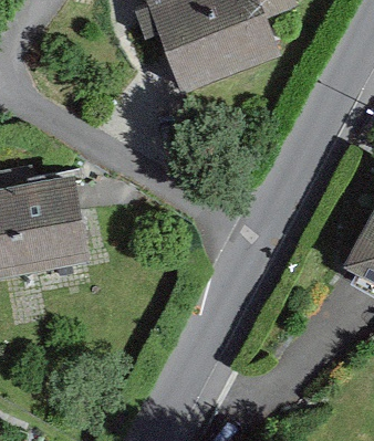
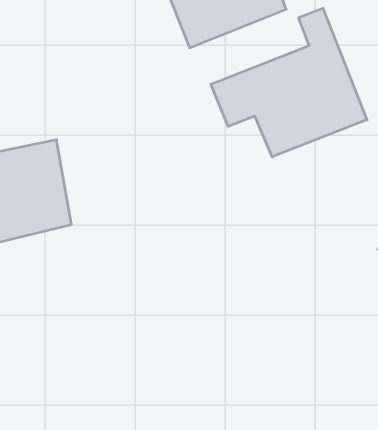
building: none -> [211,8,367,157]

